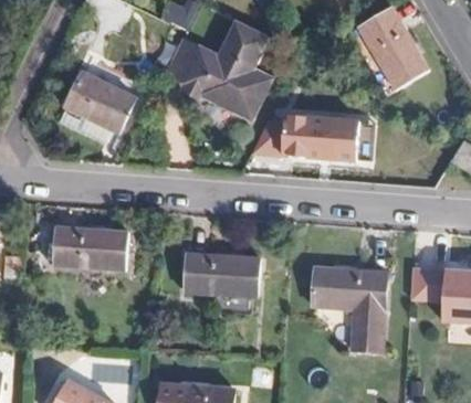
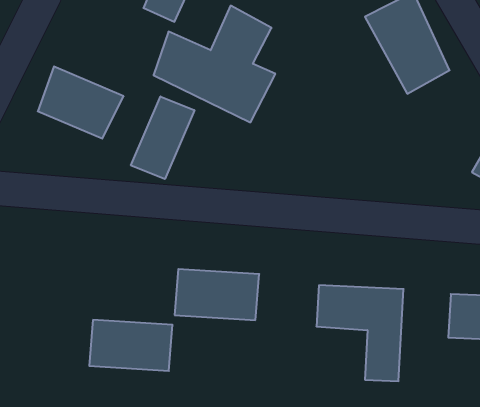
building: none -> [131,96,194,179]
building: [274,108,349,152] -> none
building: [57,227,132,273] -> [89,320,173,371]

